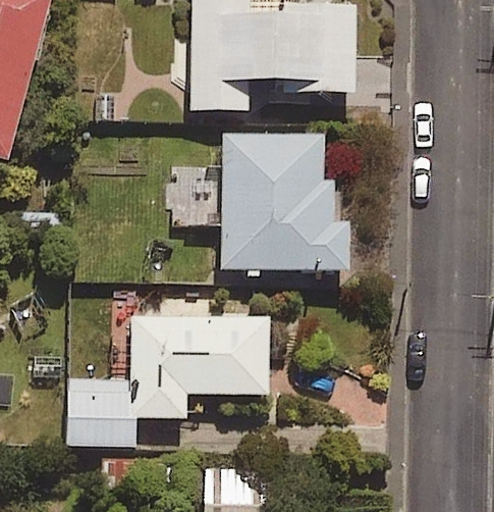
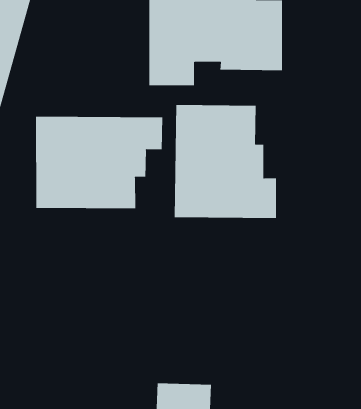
building: none -> [36,116,163,209]
building: [67,314,268,445] -> none

